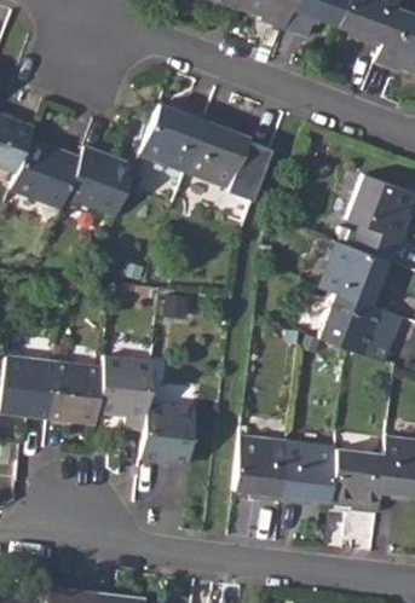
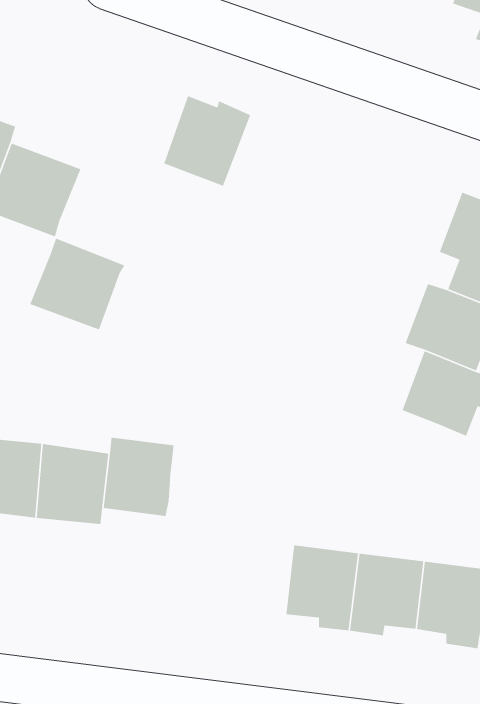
building: [188,118,272,202] -> none
building: [67,147,138,216] -> [29,237,126,330]
building: [140,404,195,465] -> none

